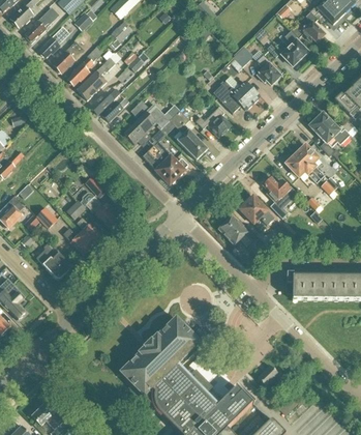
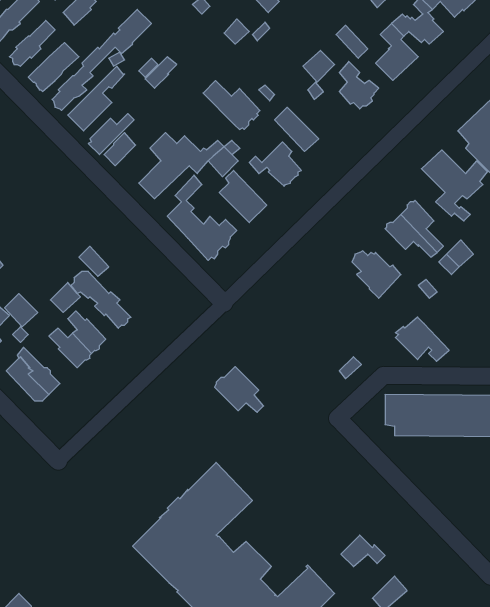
building: [221,76,259,108] -> [203,81,260,129]
building: [240,195,275,224] -> [395,317,449,361]
building: [219,215,251,245] -> [215,367,264,412]

